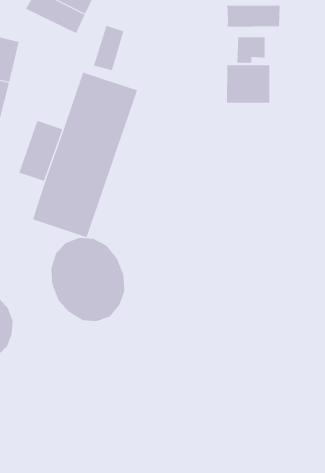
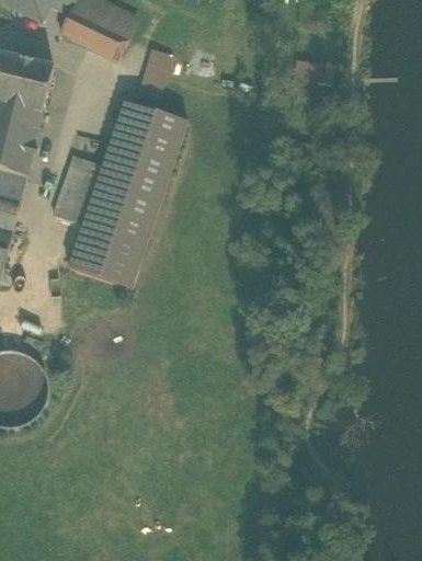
building: [227,5,280,28] -> none
building: [227,64,270,103] -> none
building: [51,237,125,322] -> none

